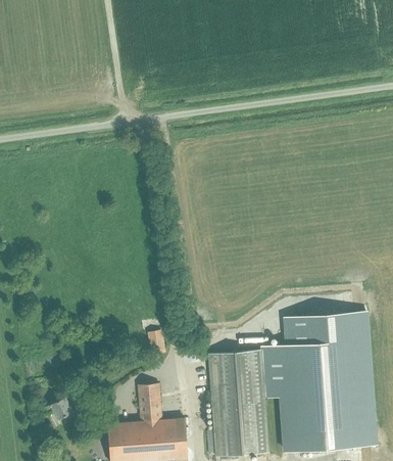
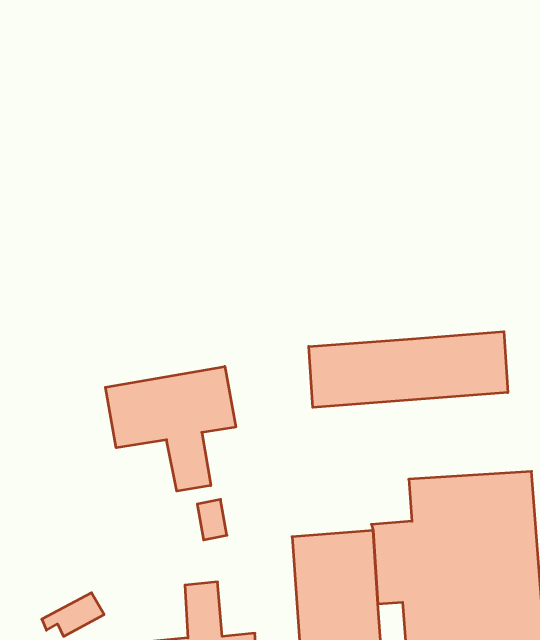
building: none -> [309,332,508,407]
building: none -> [105,366,236,491]

